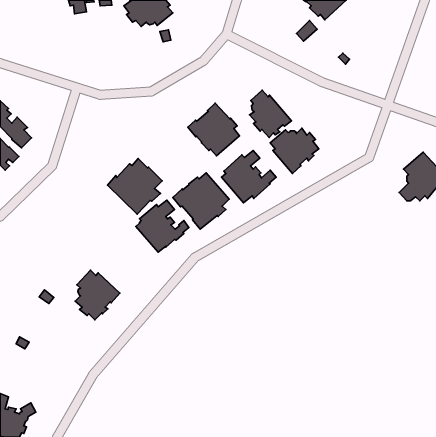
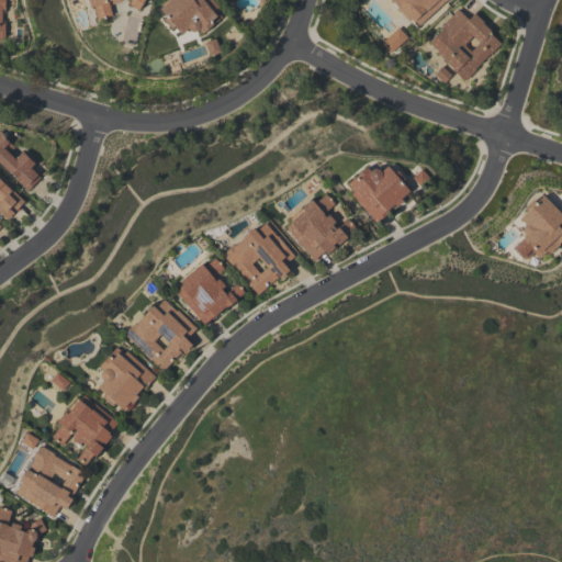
building: none -> [429,8,501,78]
building: [250,90,292,138] -> none
building: [188,103,240,156] -> none
building: [107,159,162,214] -> [125,300,195,371]
building: none -> [53,395,117,464]
building: none -> [16,445,86,515]

